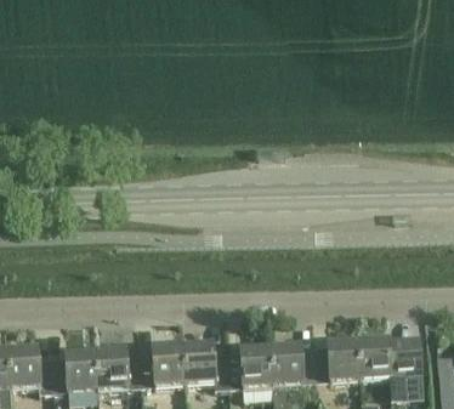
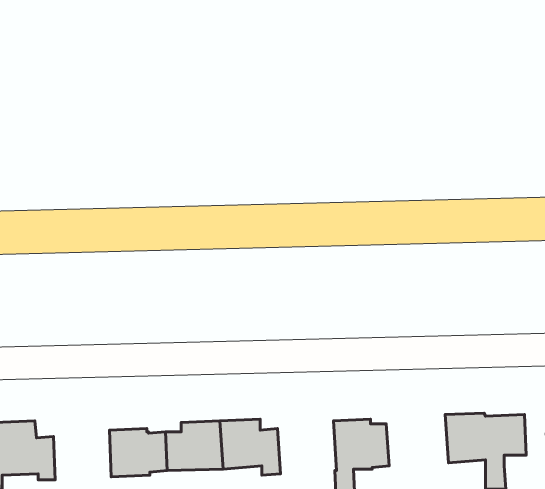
building: [313,339,362,380] -> none
building: [228,343,274,385] -> none
building: [53,351,98,390] -> none

